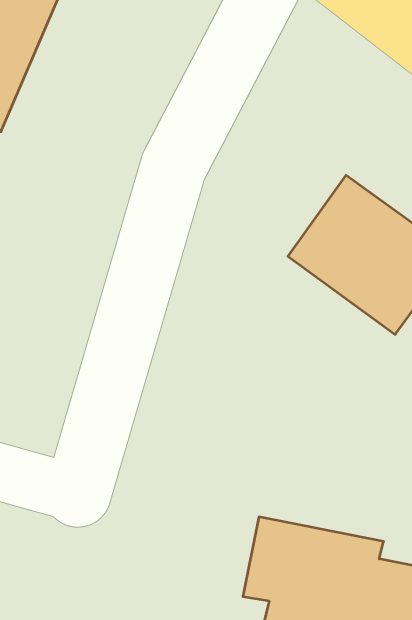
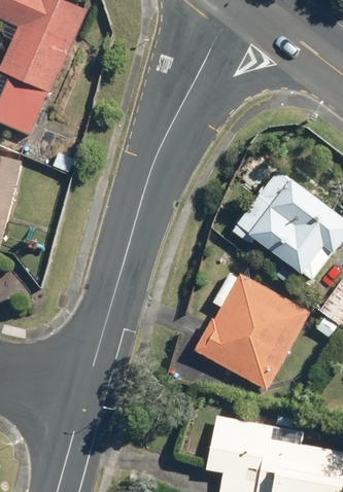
building: none -> [195,272,311,390]

